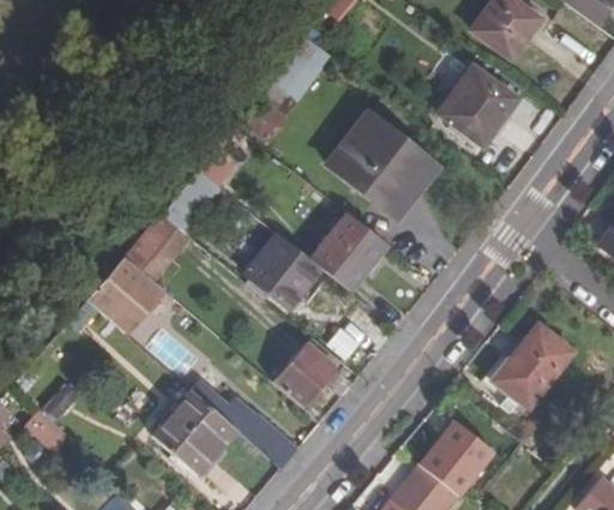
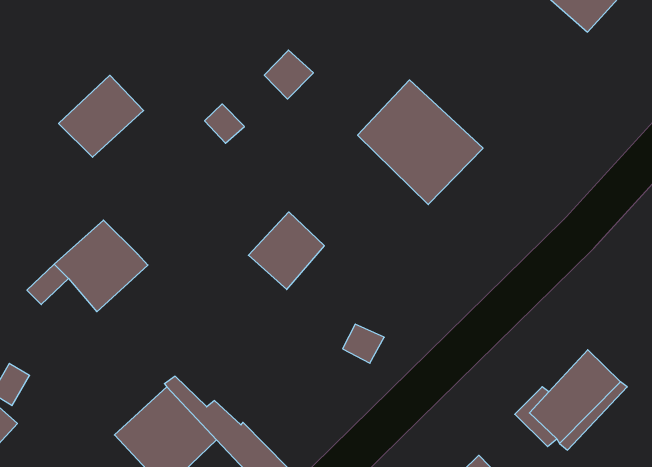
building: [439,66,518,145] -> none
building: [311,211,387,292] -> none
building: [125,212,194,282] -> [59,75,144,157]
building: [271,340,337,408] -> none

